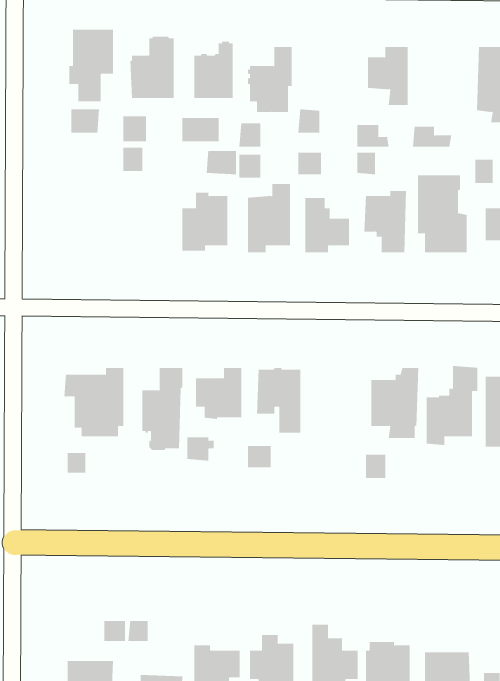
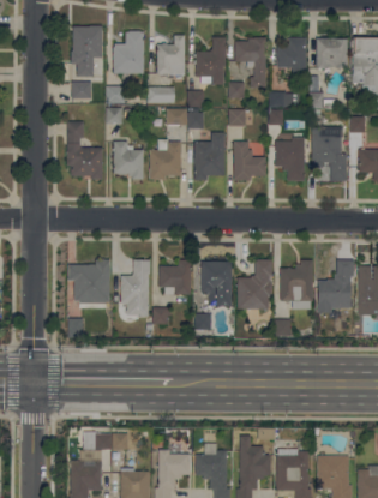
building: none -> [235,36,266,86]
building: none -> [316,37,348,68]
building: none -> [67,120,103,179]
building: none -> [114,140,144,179]
building: none -> [236,258,272,308]

